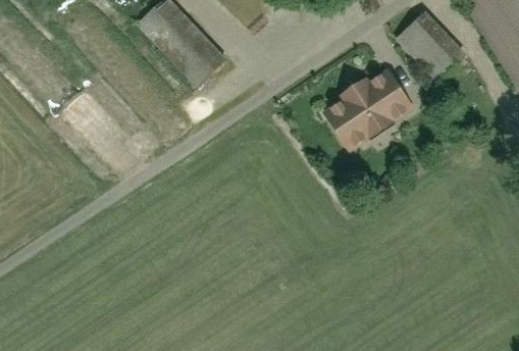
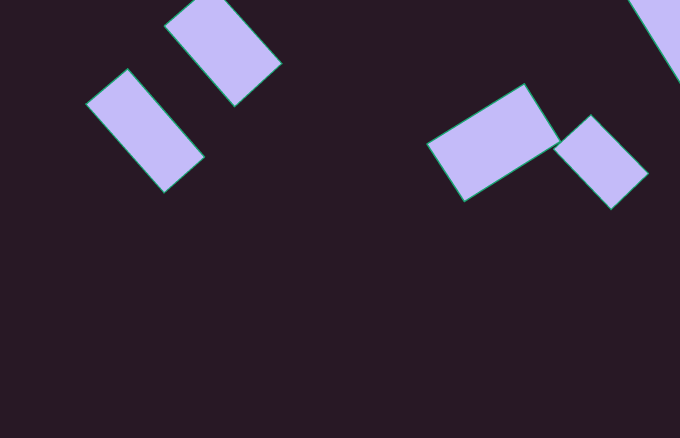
building: [394,11,461,79] -> [554,115,648,210]
building: none -> [86,69,204,193]

